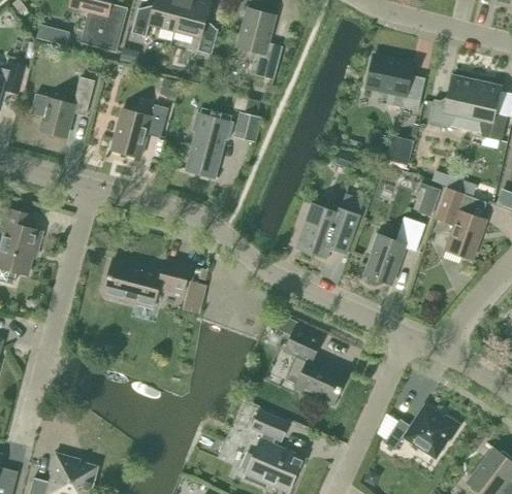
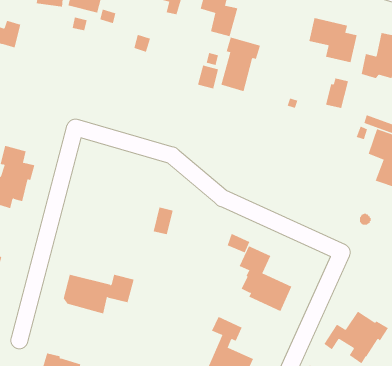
building: [40,77,94,137] -> none
building: [110,104,168,158] -> none
building: [186,112,233,177] -> [221,37,261,92]
building: [298,204,357,254] -> none
building: [365,217,425,281] -> none
building: [105,259,190,306] -> [63,274,134,314]

